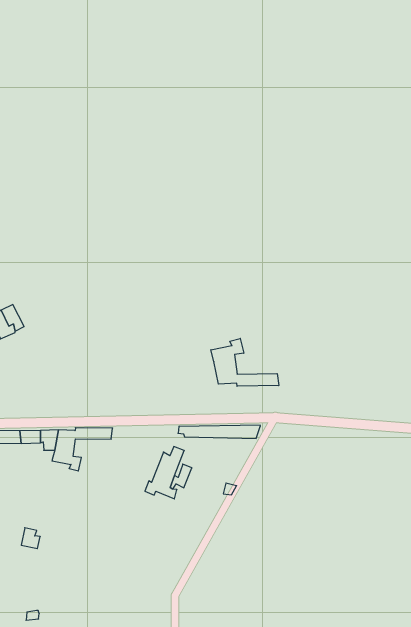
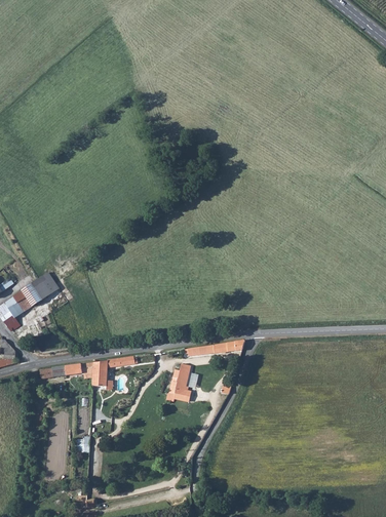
building: [211,338,279,386] -> none

